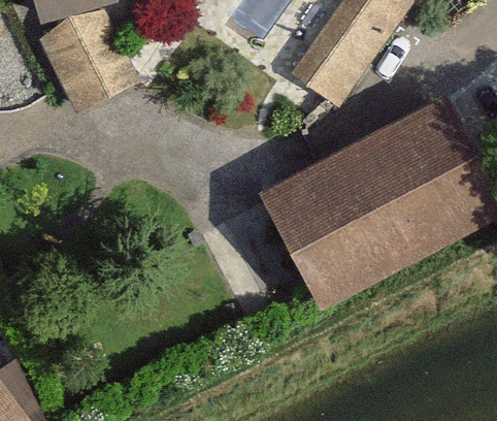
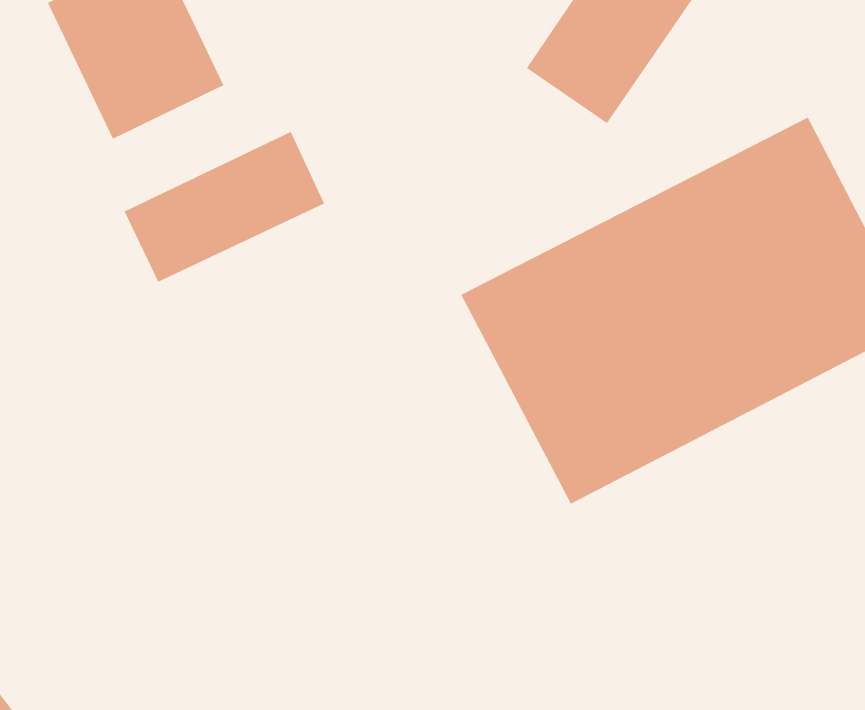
building: none -> [123,131,325,283]

